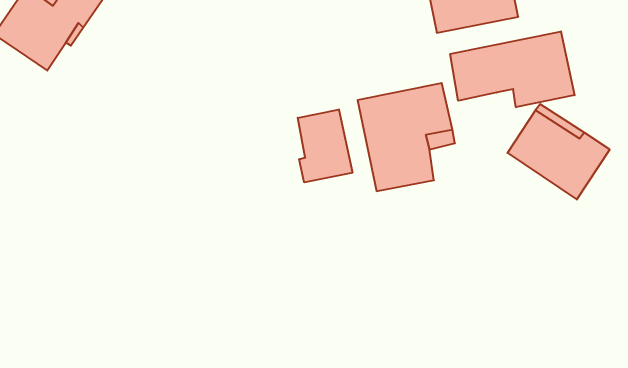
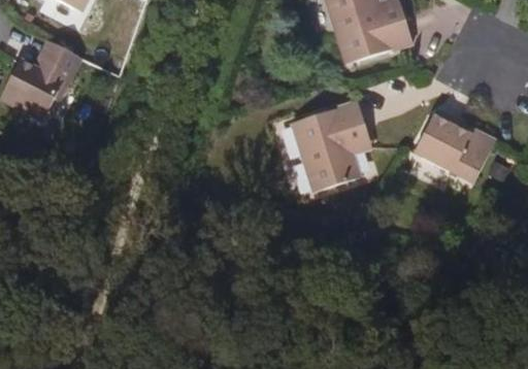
building: [450,31,575,107] -> none
building: [298,109,352,182] -> none

